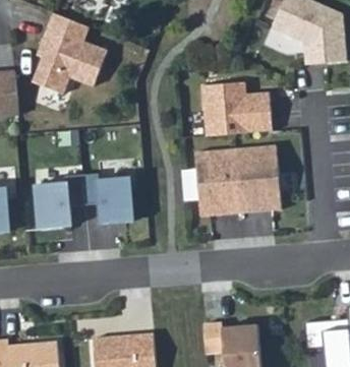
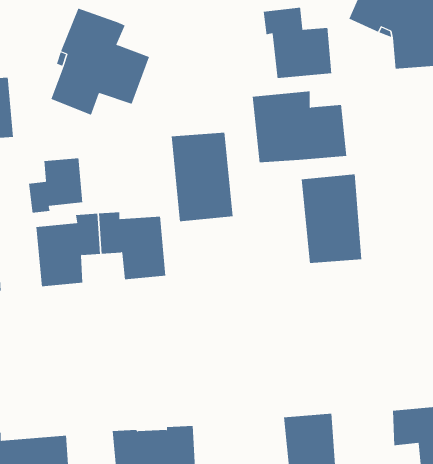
building: none -> [263,7,332,79]
building: none -> [29,158,83,214]
building: [192,147,239,215] -> [171,132,233,222]

